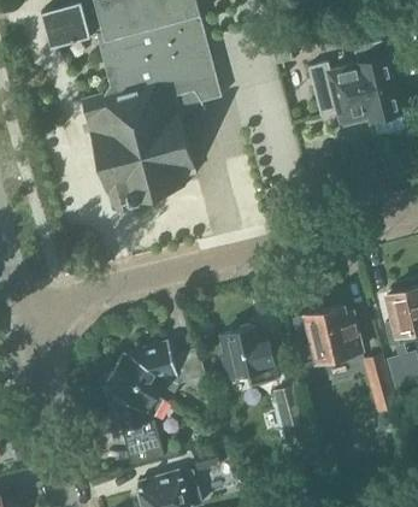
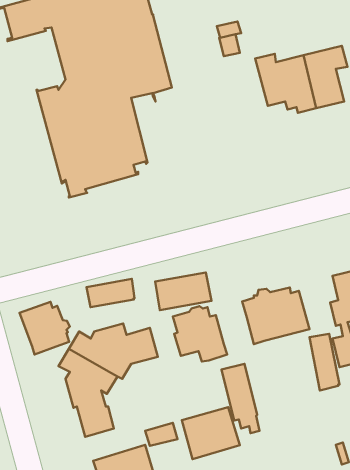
building: none -> [155,272,211,310]
building: none -> [86,279,134,307]
building: none -> [20,302,70,355]
building: none -> [182,407,240,459]

